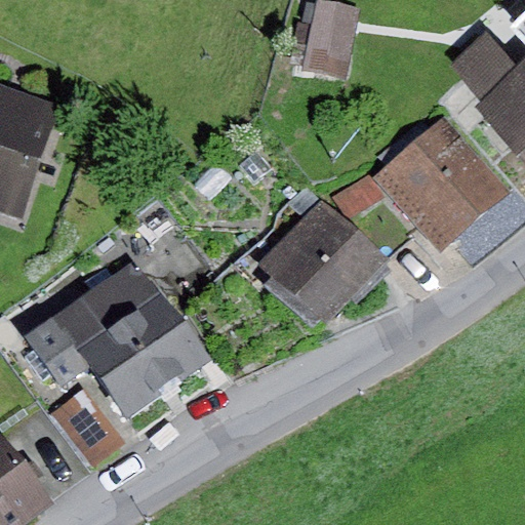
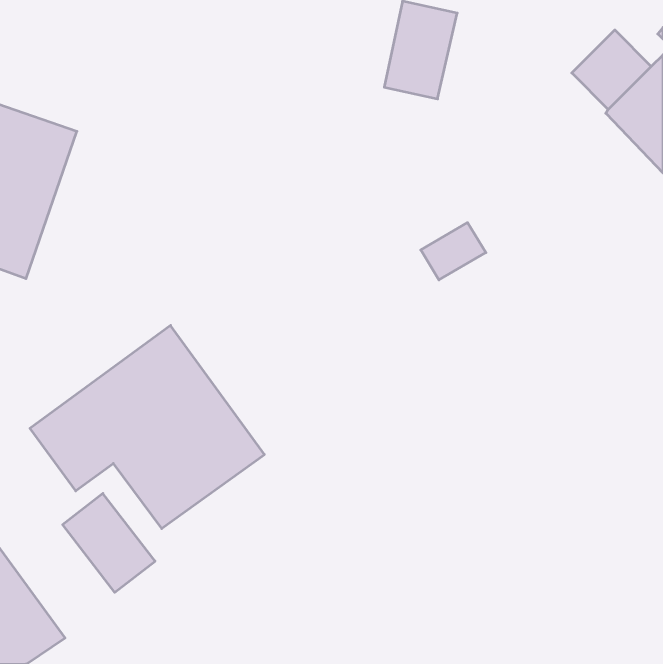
building: [373,117,507,251] -> none
building: [259,199,388,328] -> none

